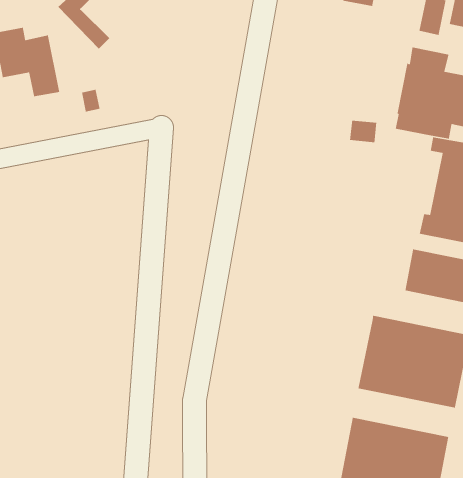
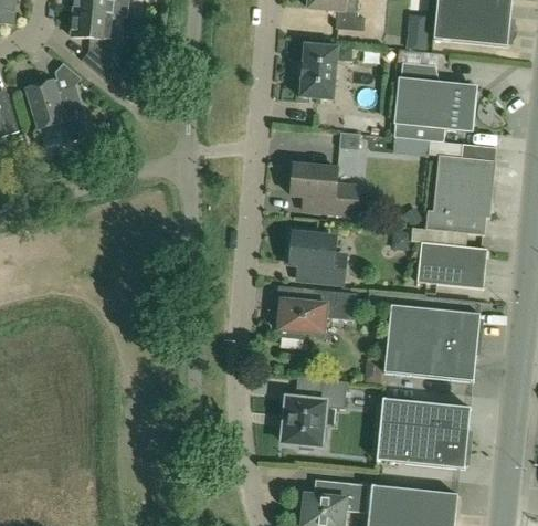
building: none -> [299,43,337,99]
building: none -> [289,164,357,214]
building: none -> [285,227,345,283]
building: none -> [277,287,355,337]
building: none -> [282,378,346,445]

